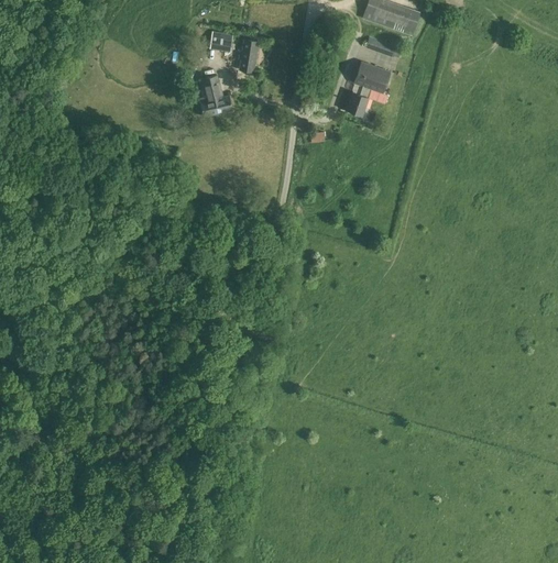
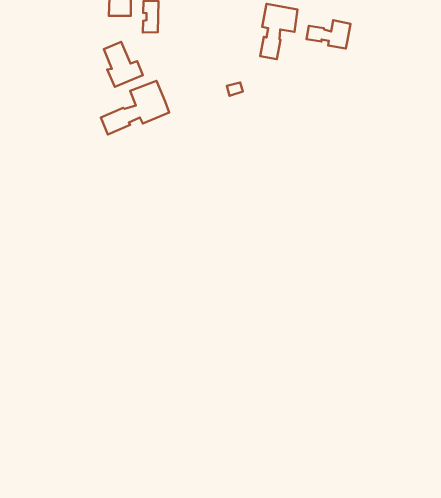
building: none -> [307,20,350,49]
building: none -> [101,81,169,134]

